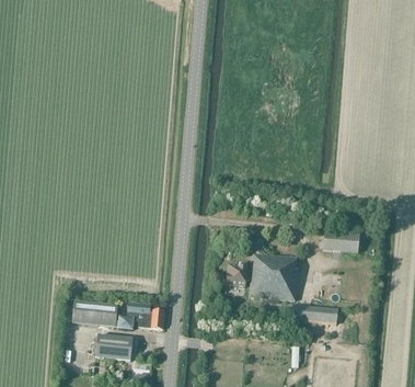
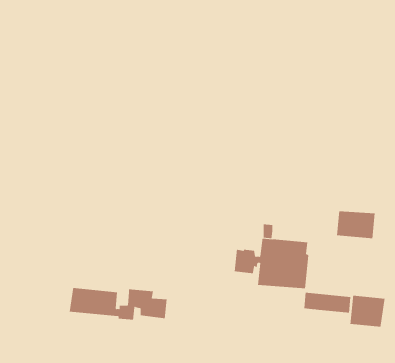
building: none -> [350,295,385,328]
building: [95,334,132,361] -> none

